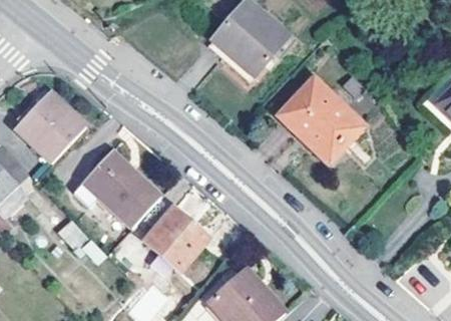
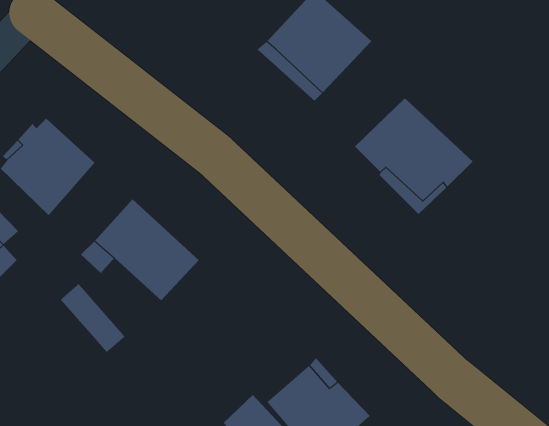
building: [146,205,210,269] -> none

